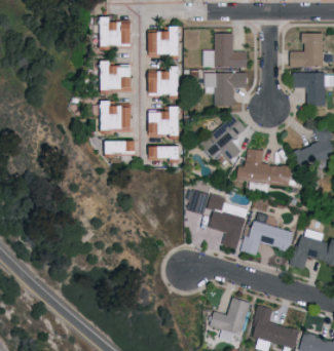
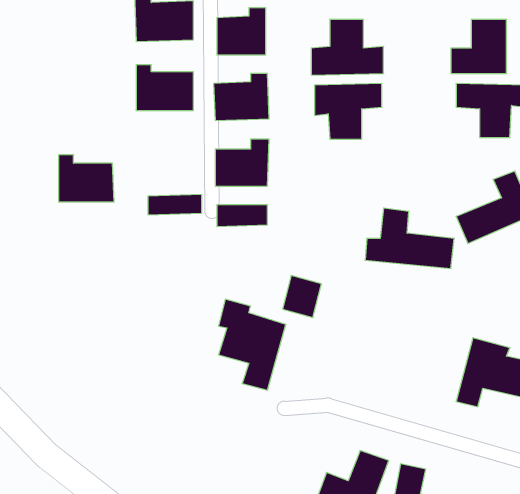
building: [99,102,133,130] -> [59,155,114,202]
building: [200,117,247,161] -> none
building: [209,194,250,249] -> [219,299,286,390]
building: [246,211,295,256] -> none

